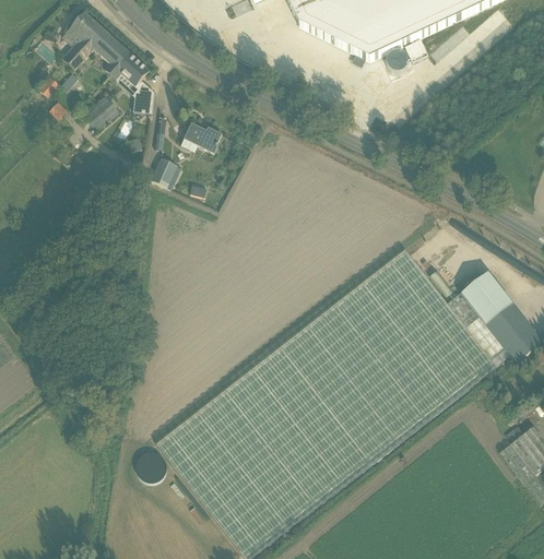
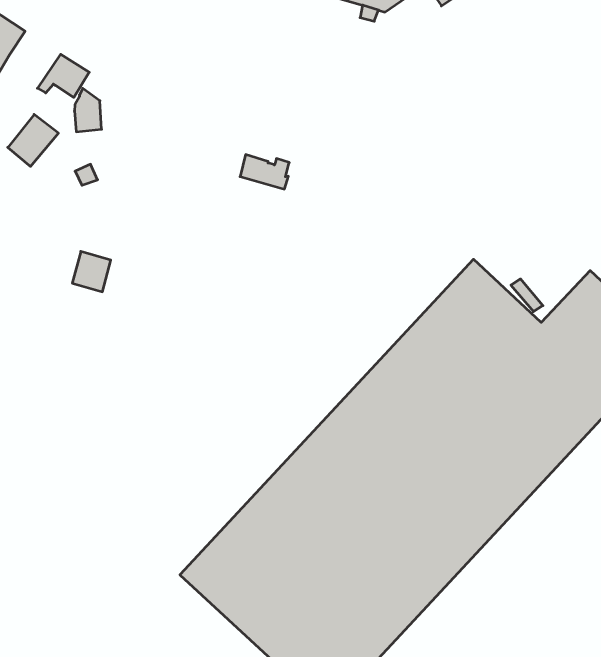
building: [93,32,130,74] -> none
building: [184,121,221,151] -> [240,155,289,189]
building: [150,156,180,188] -> [72,251,111,292]

